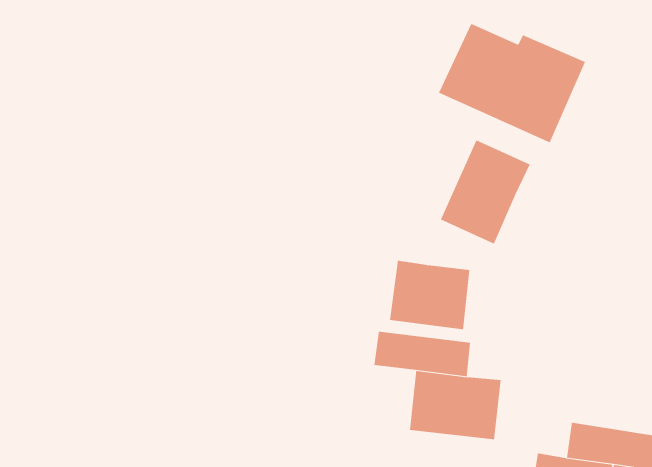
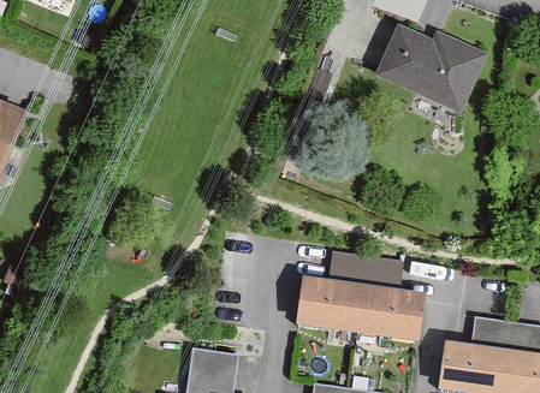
building: [440,139,530,245] -> none
building: [389,260,470,330] -> [297,274,357,326]

